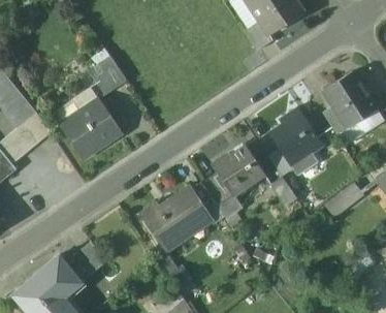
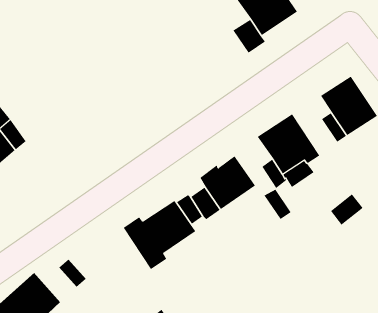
building: [89,57,128,96] -> none
building: [59,99,122,161] -> none

